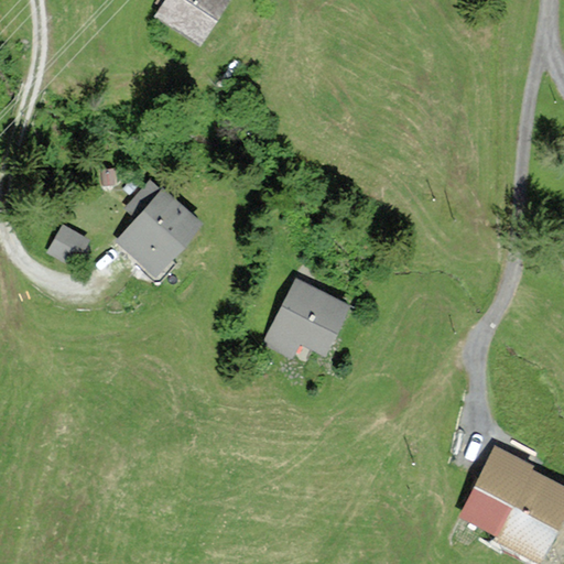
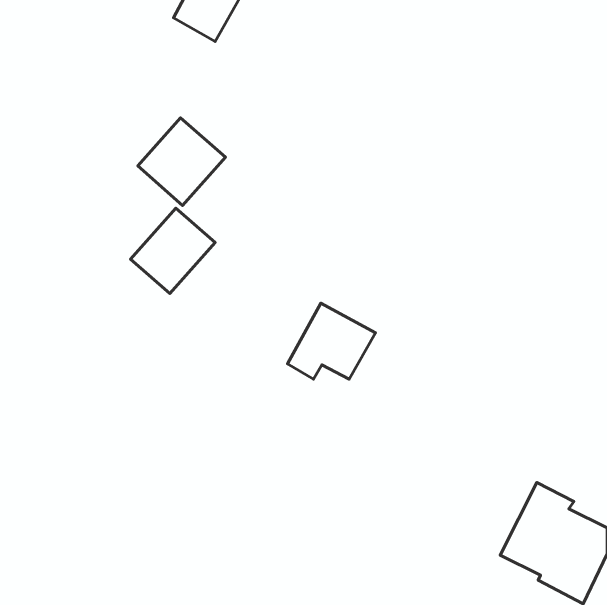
building: none -> [138,118,225,205]
building: [47,225,90,268] -> none

